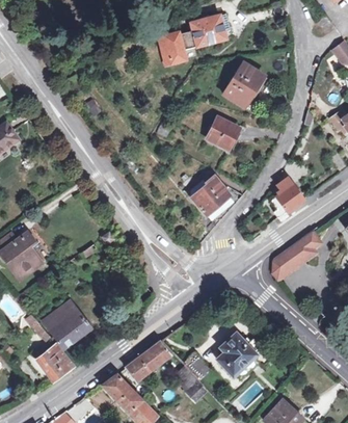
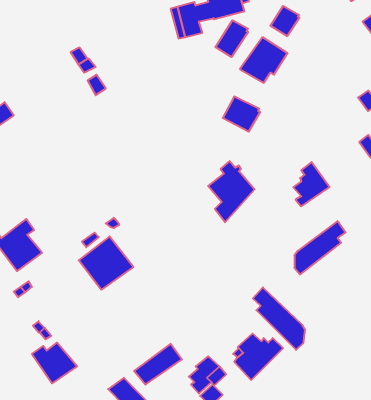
building: none -> [270,6,299,36]
building: none -> [215,20,248,57]
building: none -> [253,287,305,350]
building: [43,298,92,347] -> [79,236,133,290]

